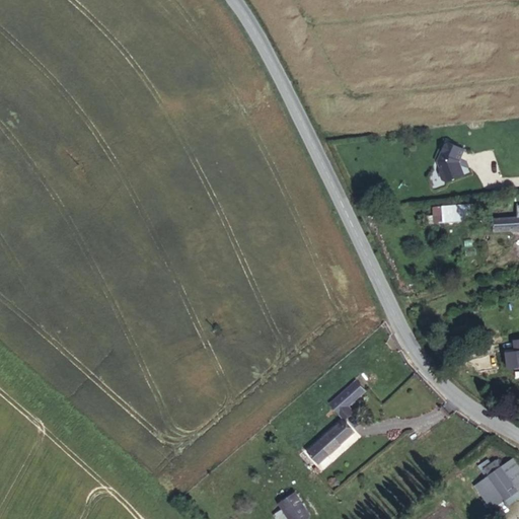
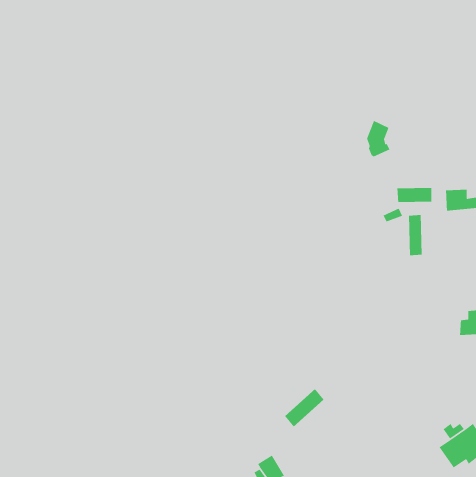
building: [432,140,458,180] -> [366,120,390,157]
building: none -> [408,214,423,256]
building: [333,382,367,420] -> none

